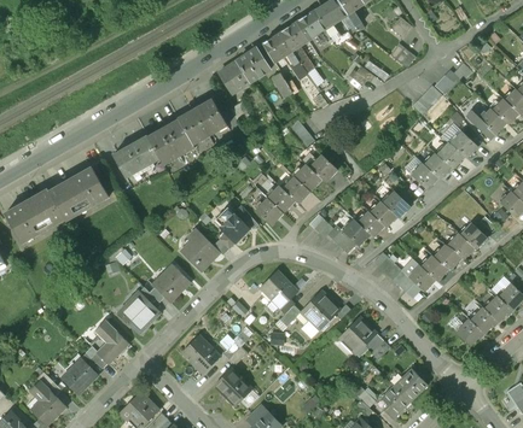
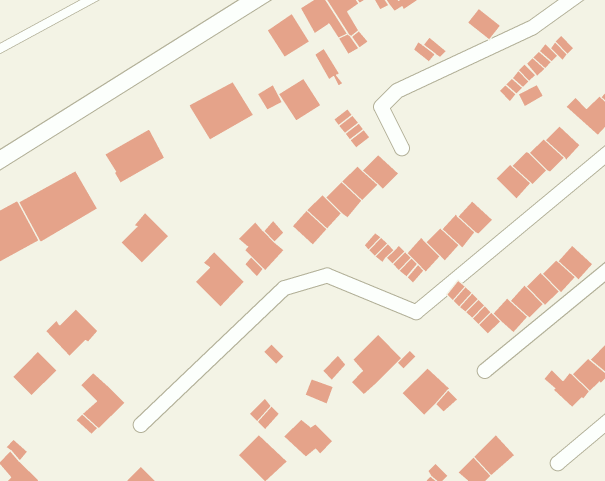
building: [217,60,250,93] -> [278,78,321,121]
building: [149,119,194,163] -> none
building: [155,263,191,301] -> [121,212,169,263]
building: [263,269,296,307] -> none
building: [120,294,159,330] -> [46,309,98,357]
building: [182,338,220,367] -> [284,419,333,457]
building: [65,358,99,392] -> [12,351,57,396]

